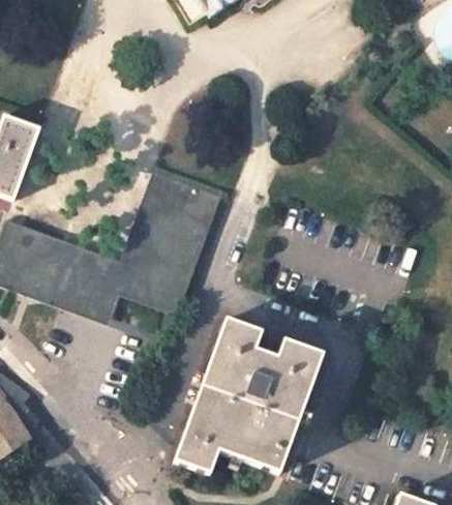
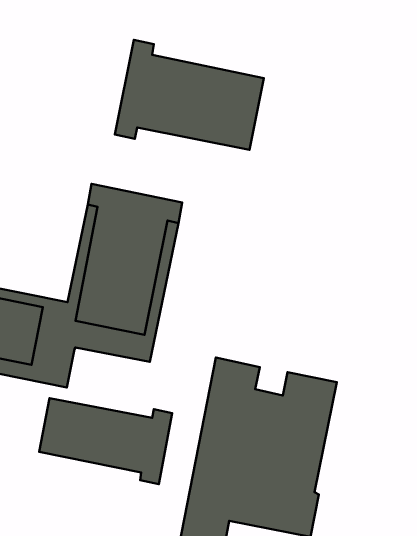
building: none -> [115,40,264,150]
building: none -> [39,398,172,484]

